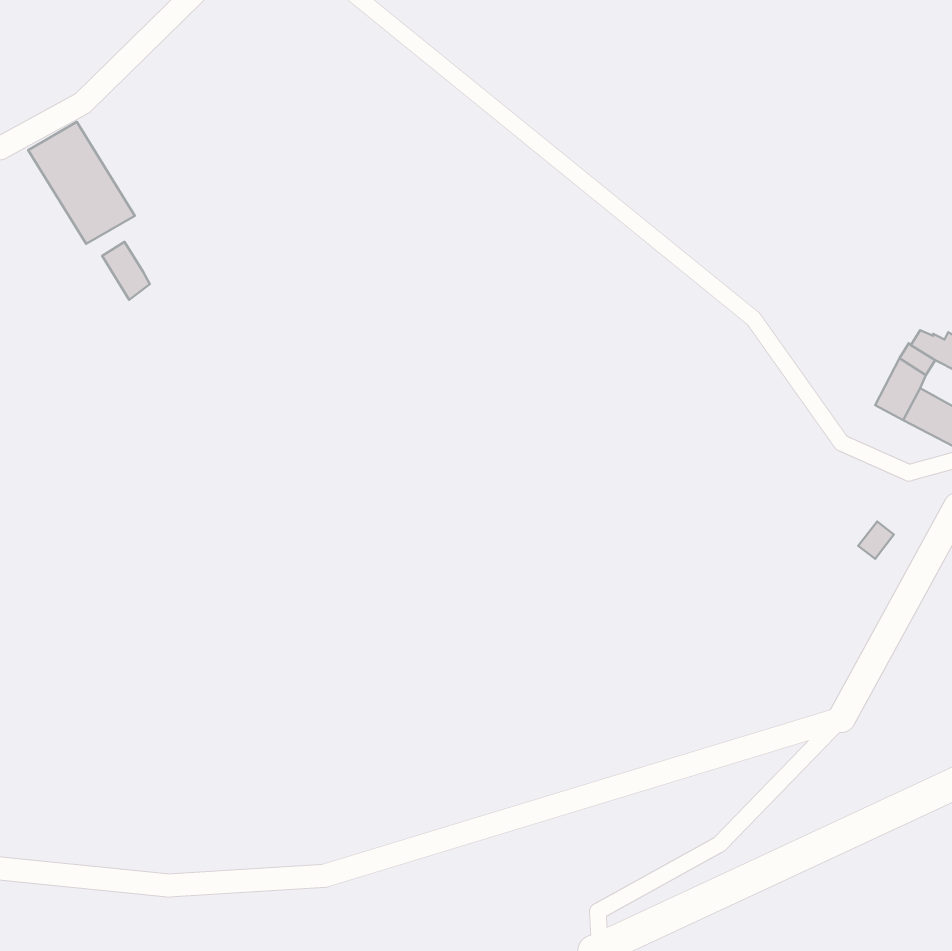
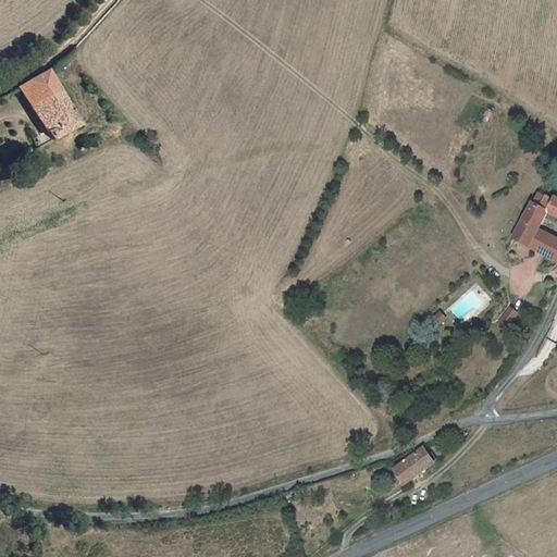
building: [102,242,150,300] -> none
building: none -> [396,443,440,482]

